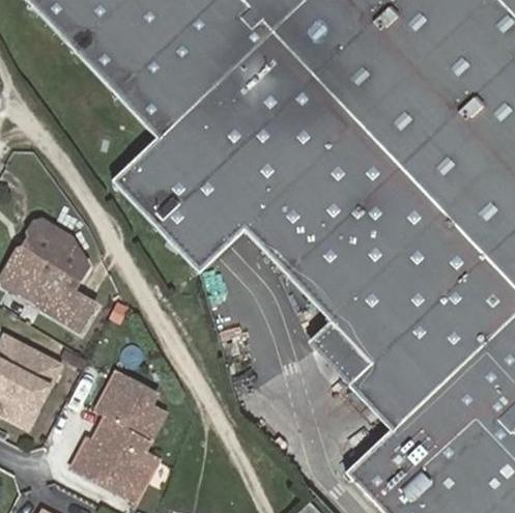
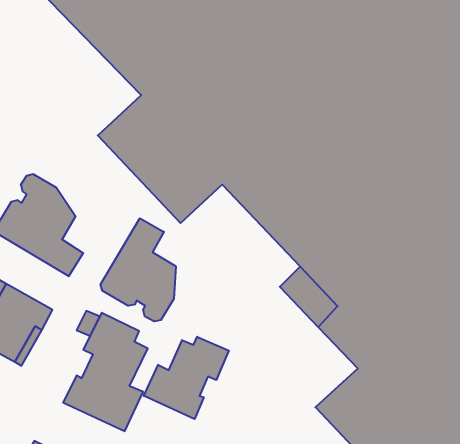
building: none -> [101,218,176,321]
building: none -> [144,337,229,419]

